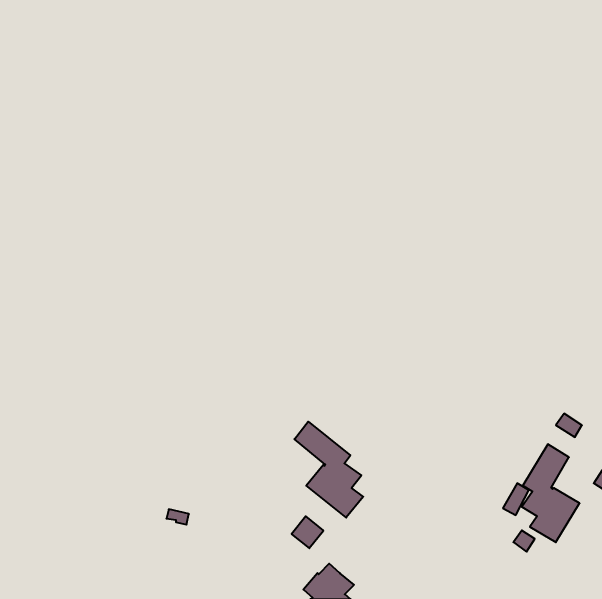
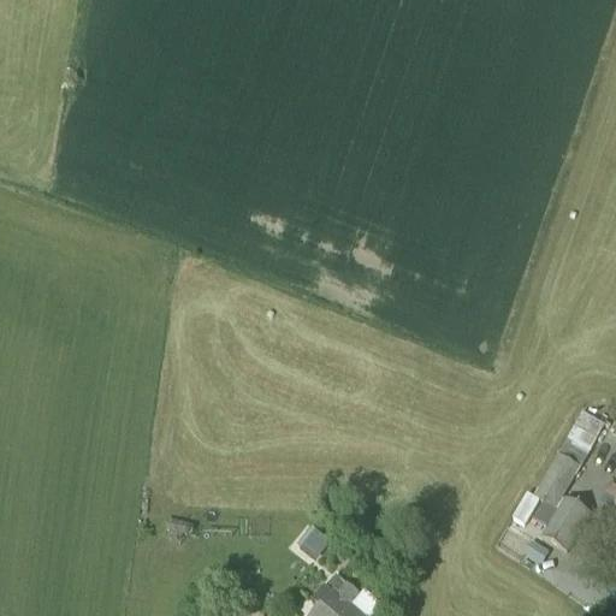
building: [294,422,363,518] -> none

